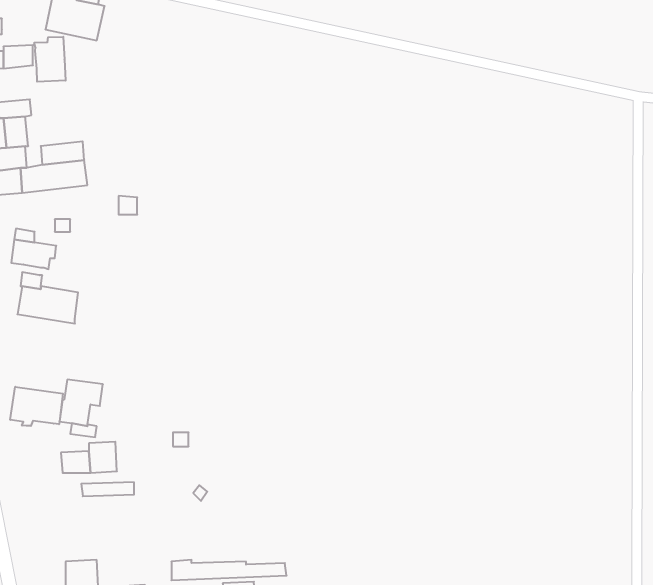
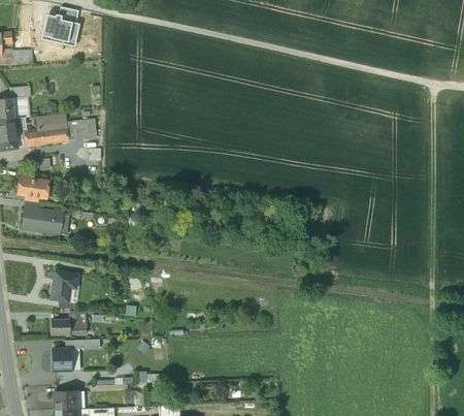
building: [34,37,66,82] -> none
building: none -> [66,124,93,142]
building: [10,387,63,426] -> none
building: none -> [52,349,79,371]

